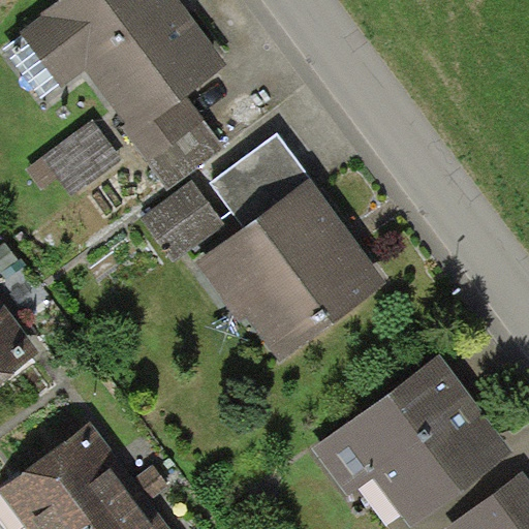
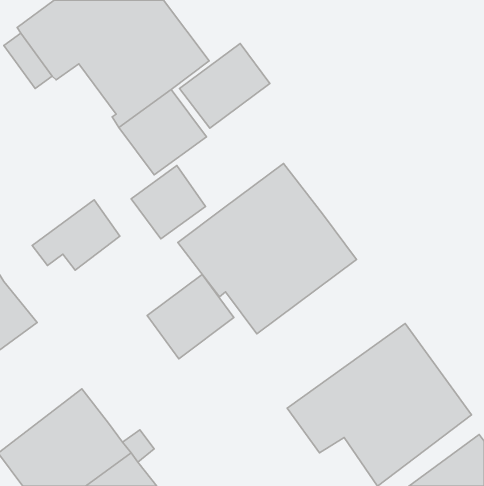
building: [26,119,121,195] -> [32,200,120,270]
building: [210,134,308,226] -> [179,44,270,128]
building: none -> [147,274,234,359]

